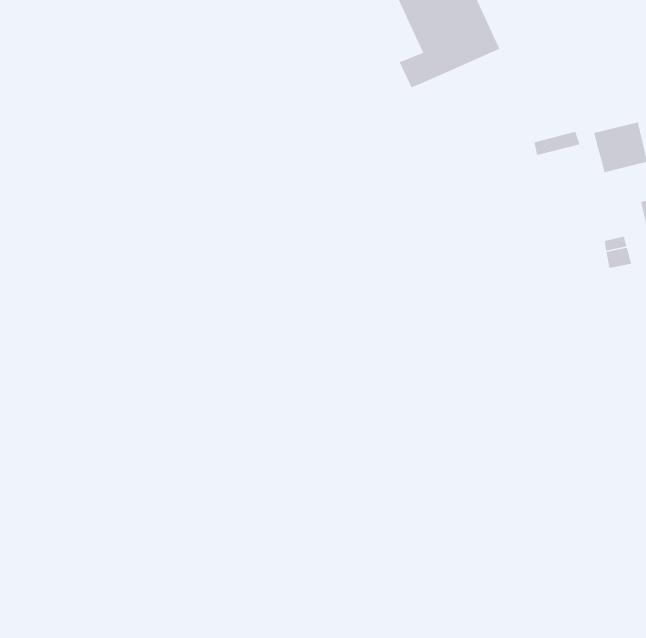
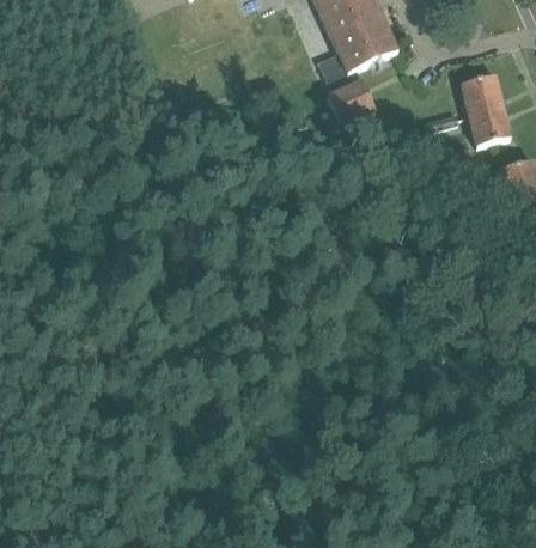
building: none -> [324,67,374,123]
building: none -> [461,73,502,112]

